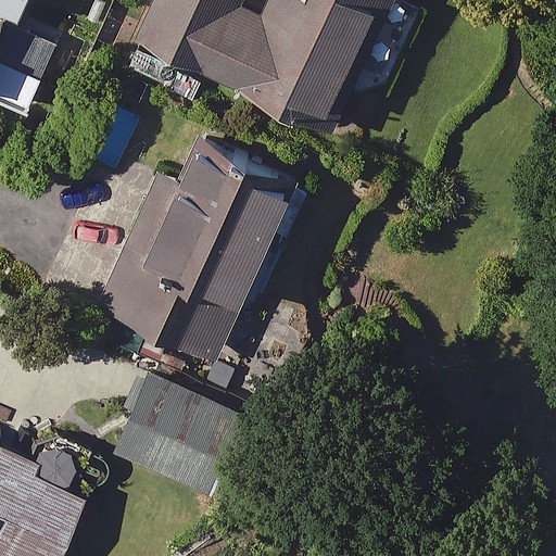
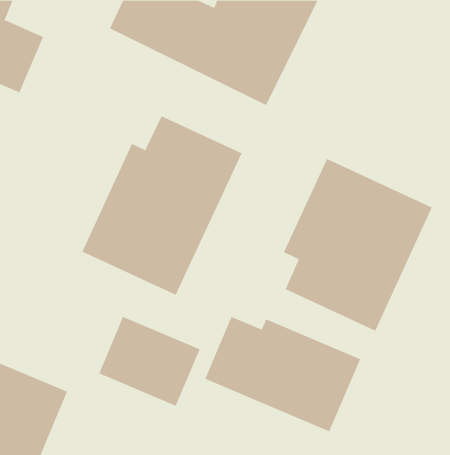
building: none -> [283,158,433,332]
building: none -> [204,316,361,432]

